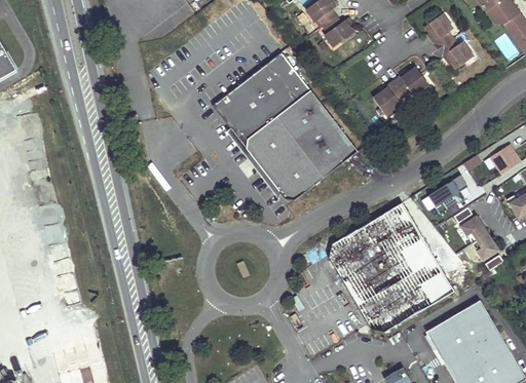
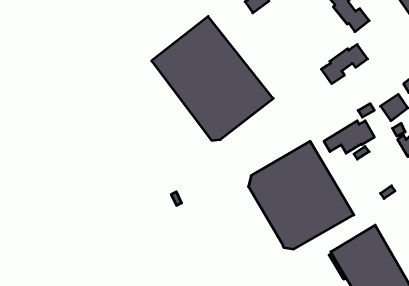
building: [373,68,428,115] -> [321,44,368,84]
building: [461,217,499,261] -> none

